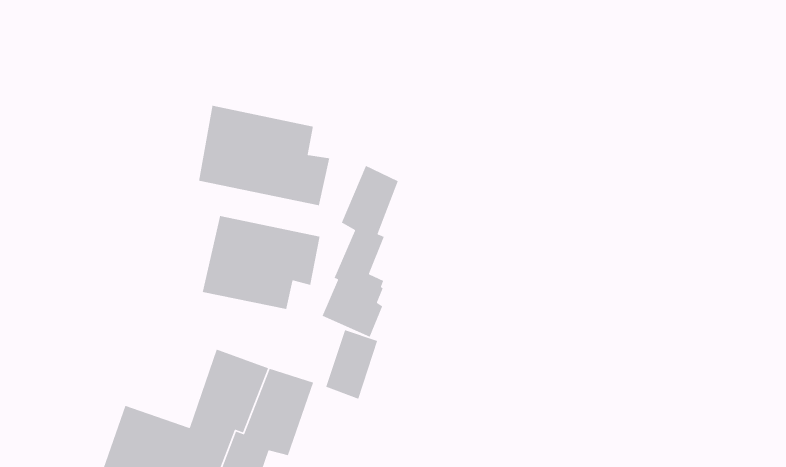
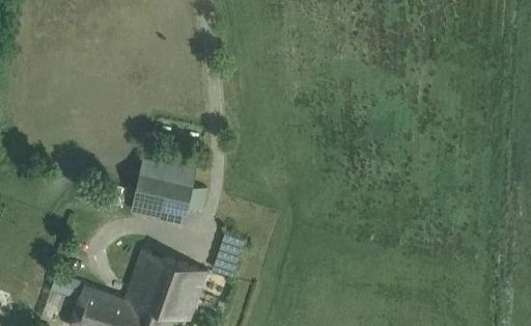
building: [198,105,330,206] -> none
building: [321,165,399,338] -> none

